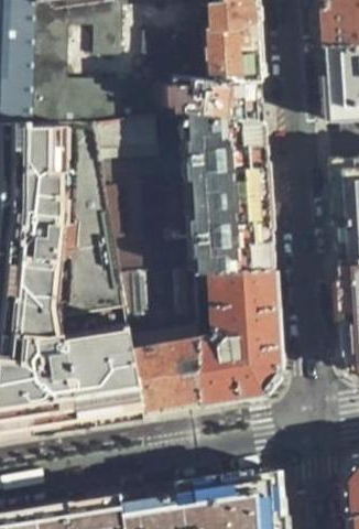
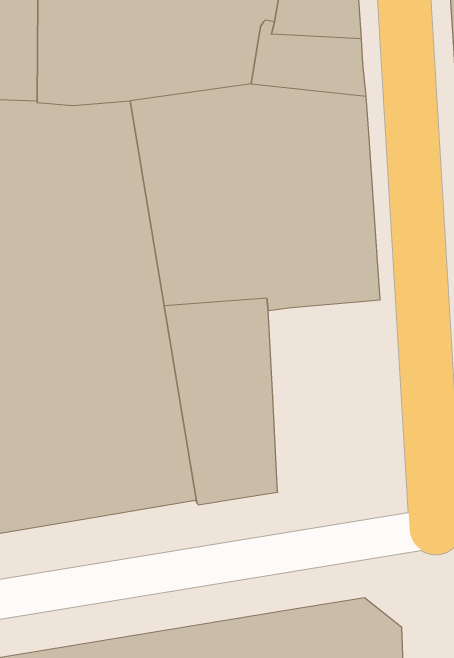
building: [202,267,283,403] -> none

